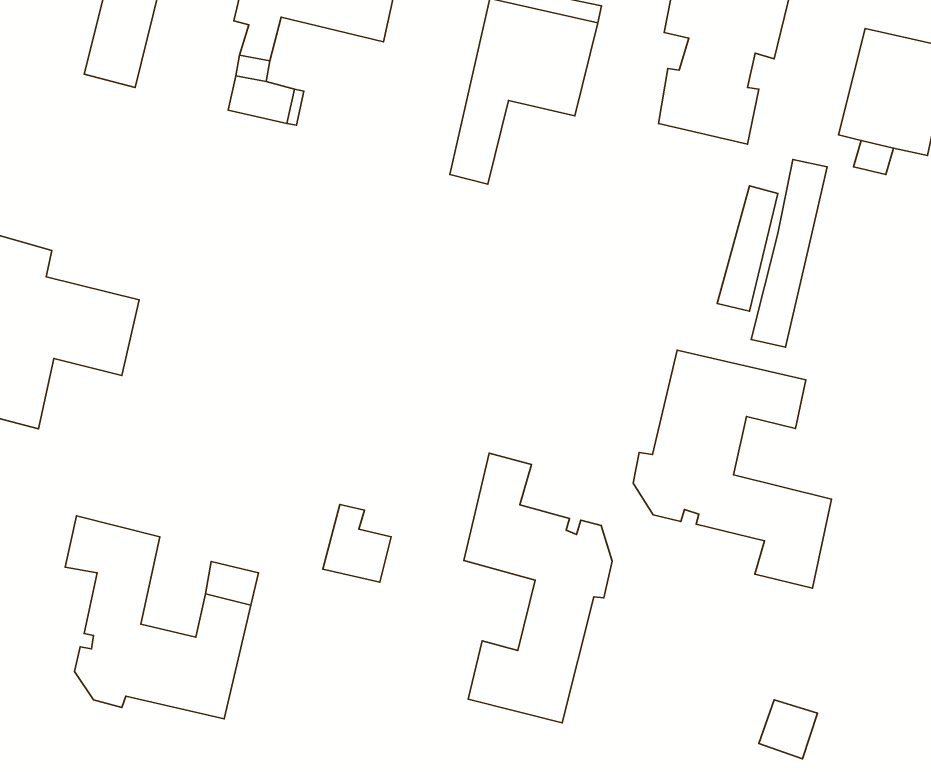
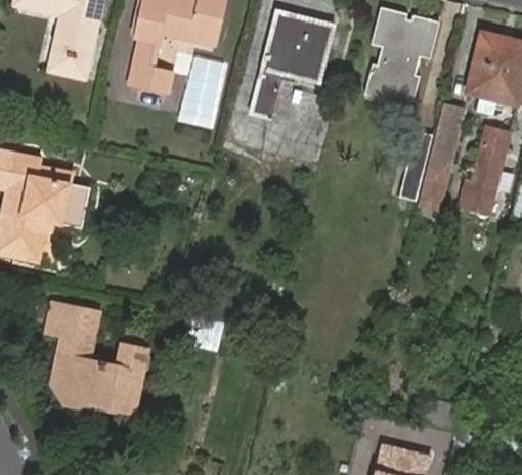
building: none -> [175,57,221,130]
building: none -> [458,129,505,214]
building: [633,350,831,588] -> none
building: [464,453,612,723] -> none

